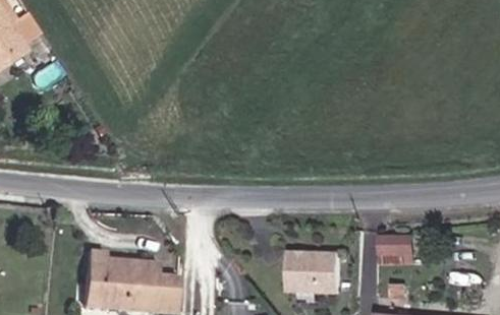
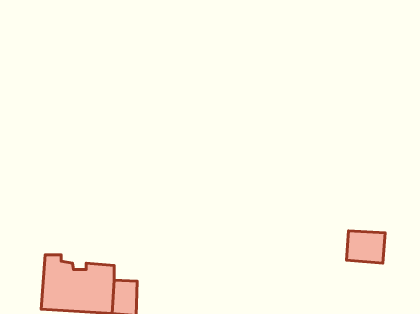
building: [290,245,343,286] -> none

